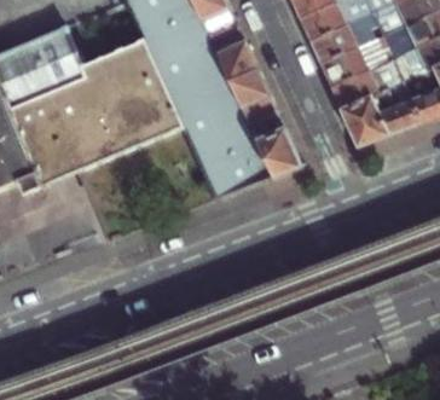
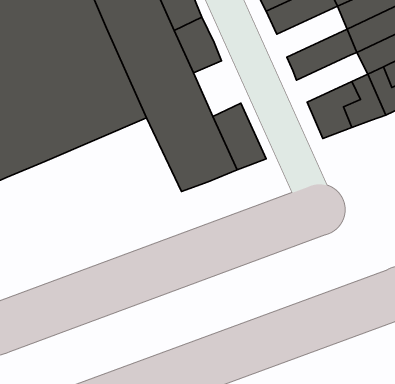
building: [311,13,381,64] -> none
building: [330,59,401,109] -> none
building: [227,68,274,123] -> none

